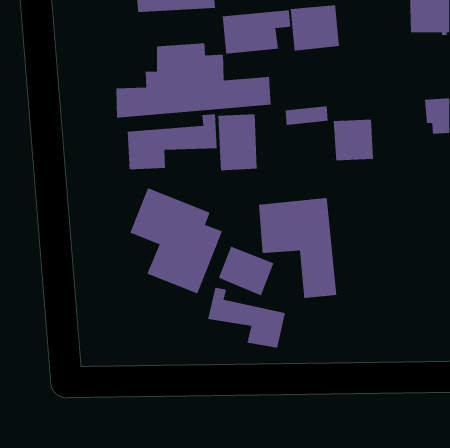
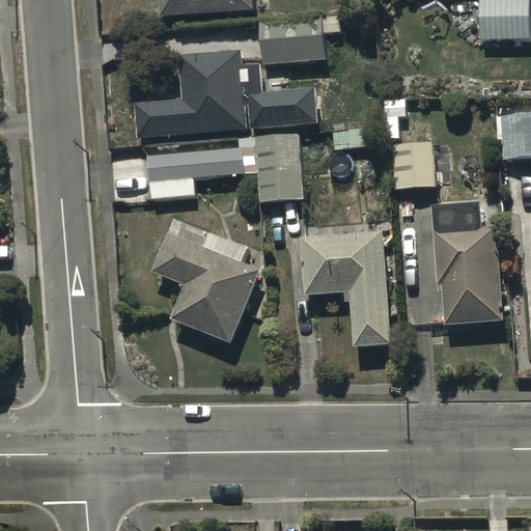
building: [290,5,339,52] -> none
building: none -> [431,200,502,326]
building: [218,246,274,296] -> none
building: [208,287,286,348] -> none

